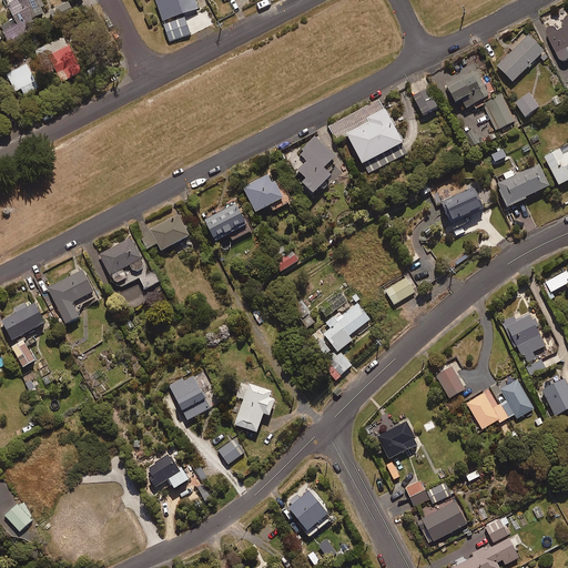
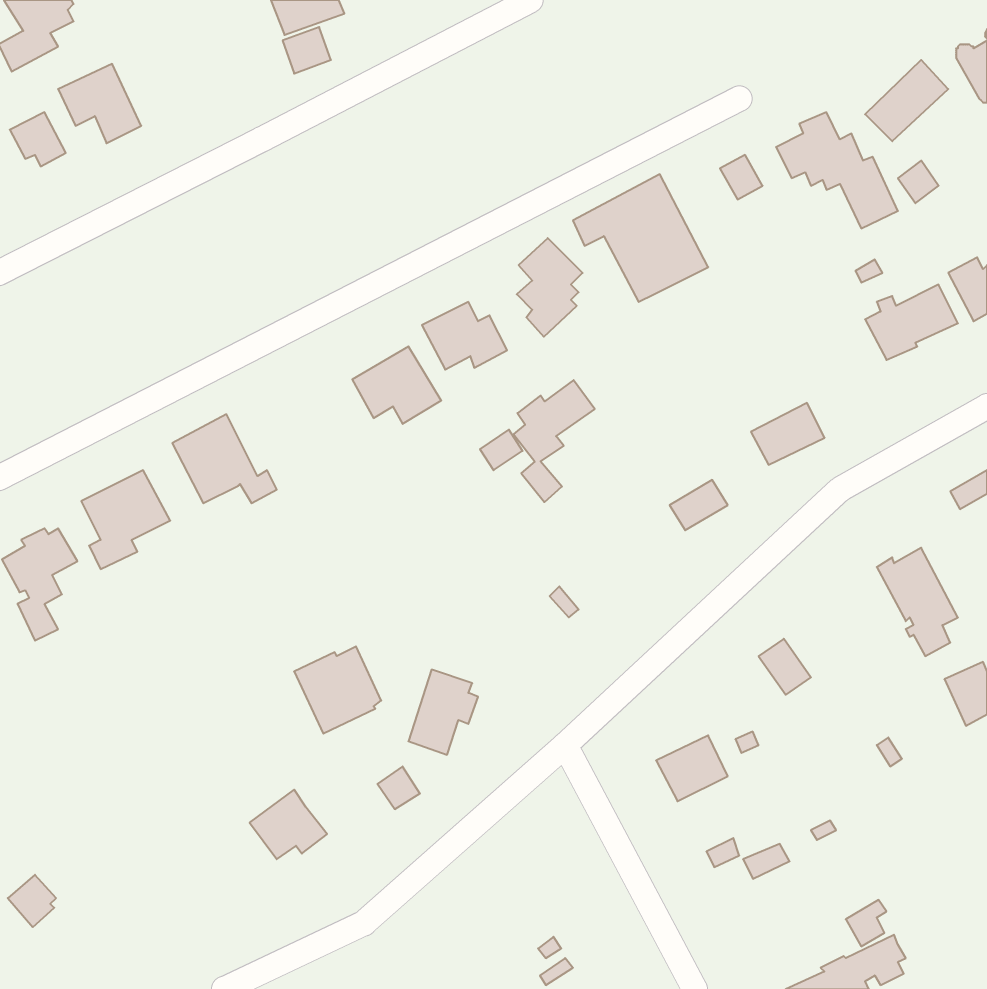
building: [439,186,481,222] -> [751,403,825,465]
building: [139,214,189,250] -> none
building: [323,303,369,373] -> [514,380,595,502]
building: [466,375,532,433] -> none
building: [286,489,327,531] -> none
building: [417,503,466,544] -> none

